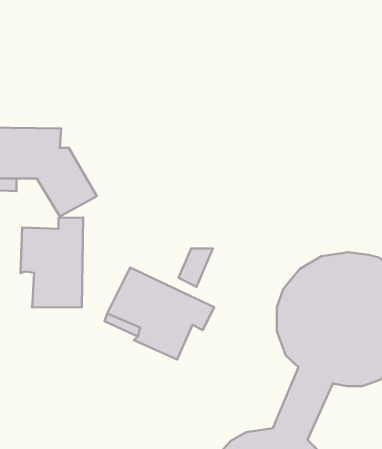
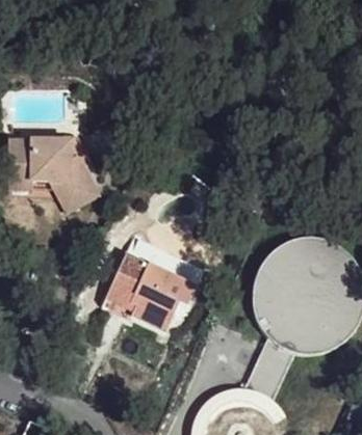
building: [20,218,83,308] -> none

